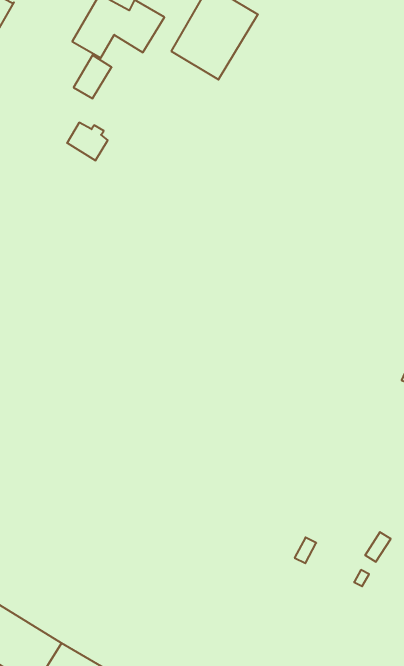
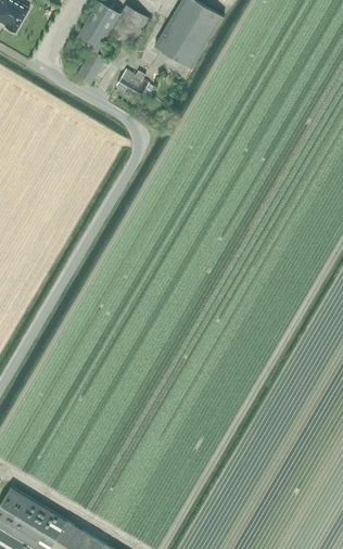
building: [67,123,108,160] -> [115,69,148,100]

